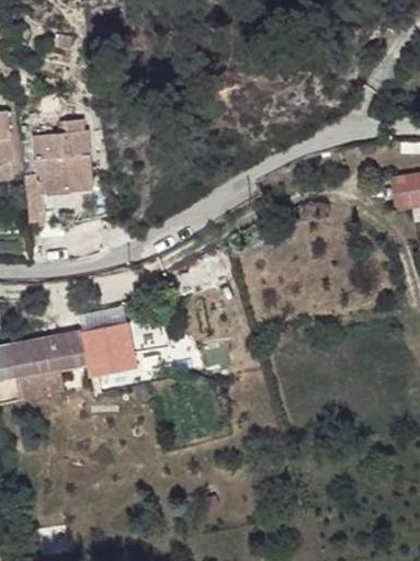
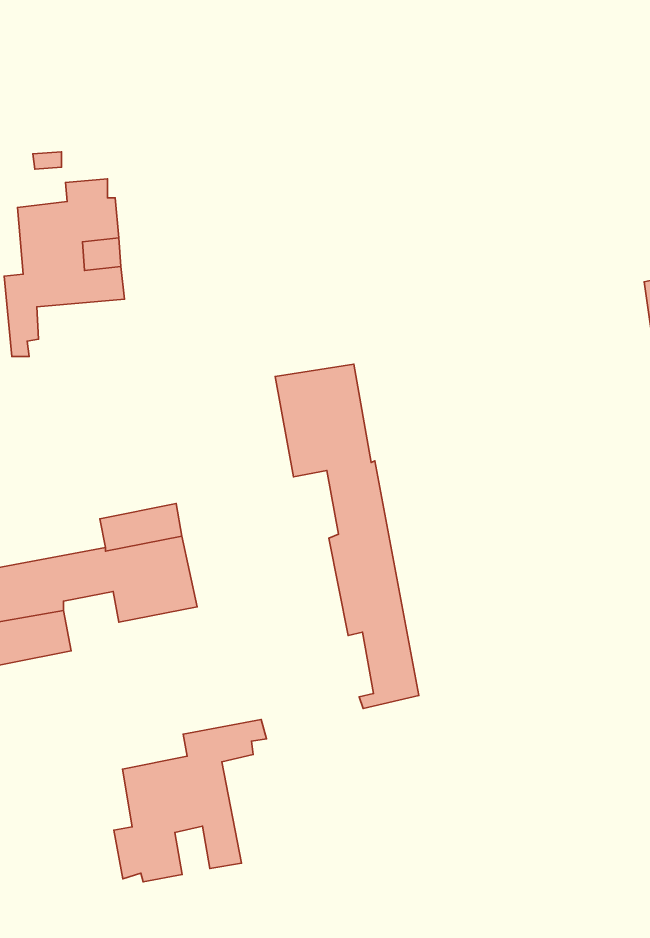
building: none -> [275,364,419,708]
building: none -> [114,719,266,882]

